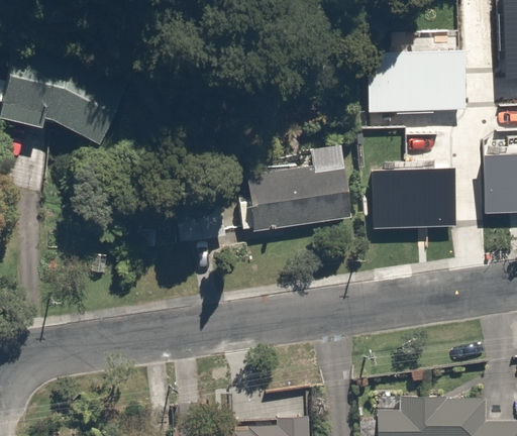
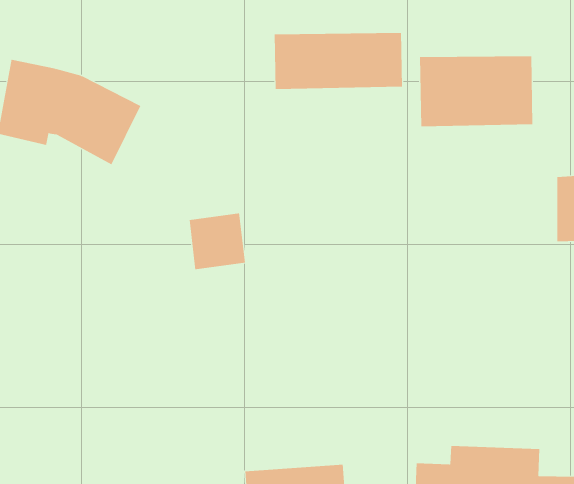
building: none -> [274,32,402,90]
building: [246,146,354,232] -> none
building: [373,171,456,229] -> none

